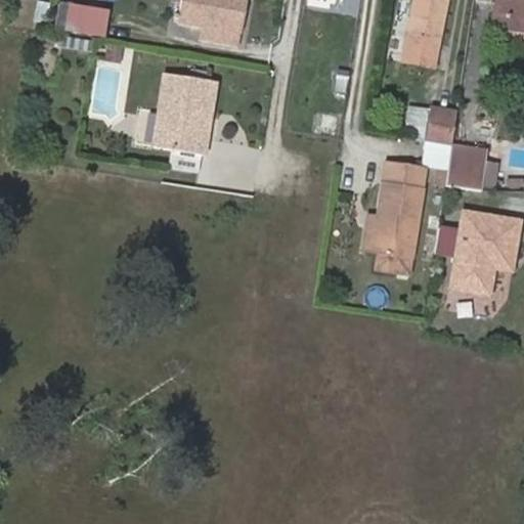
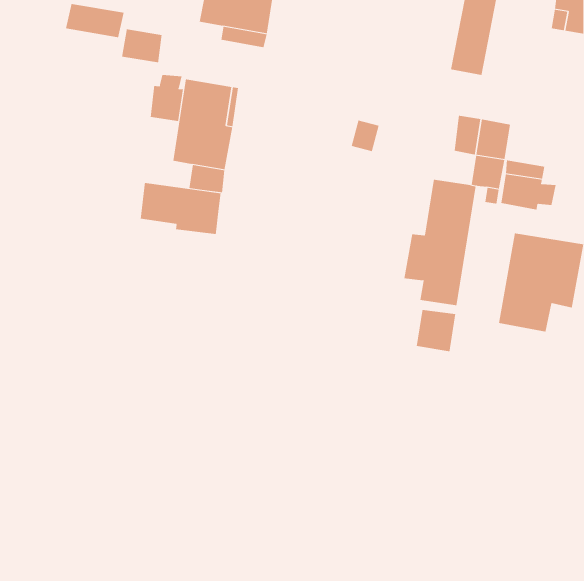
building: none -> [122,29,162,63]
building: none -> [150,74,184,122]
building: none -> [140,182,221,235]
building: none -> [416,309,456,352]

